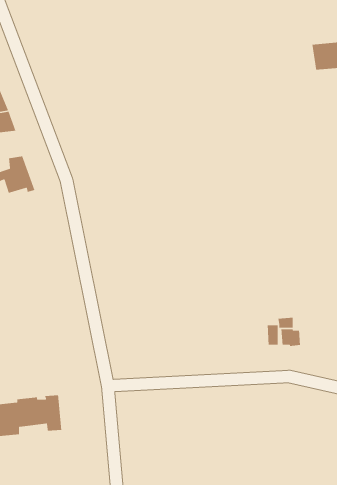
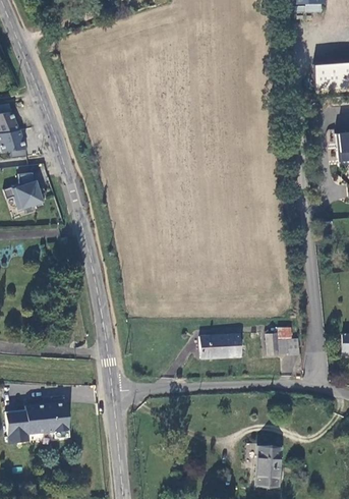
building: none -> [200,335,240,357]
building: none -> [255,445,280,484]

